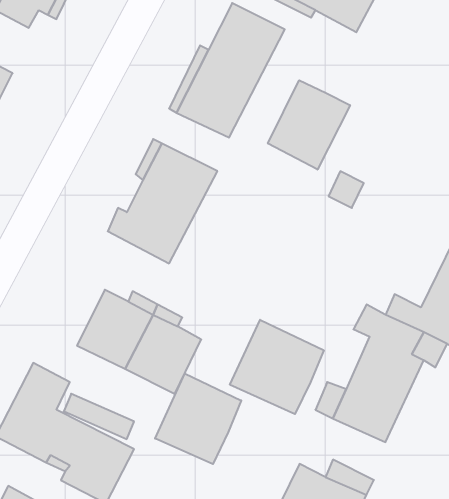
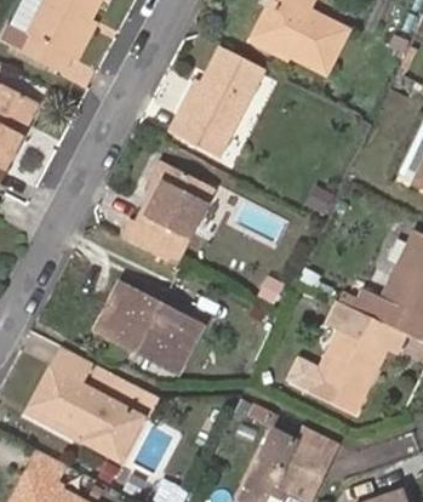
building: [268,80,350,170] -> none
building: [230,320,324,414] -> none
building: [155,374,241,464] -> none

